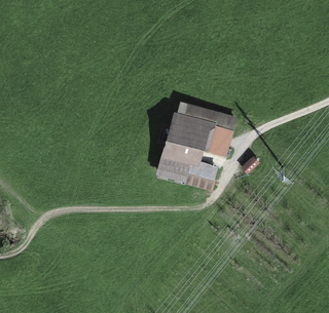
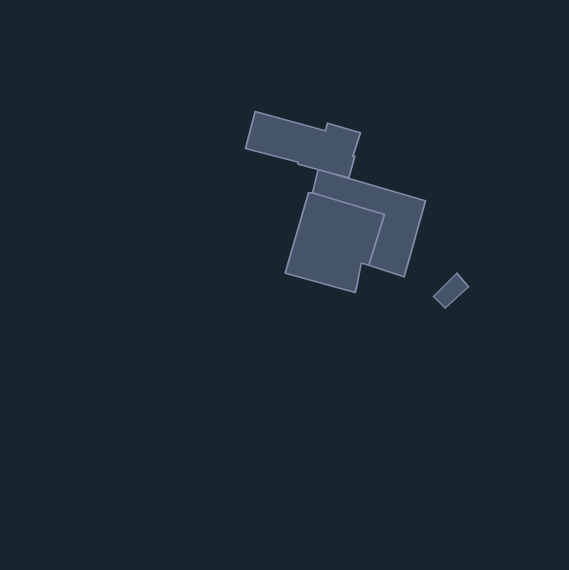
building: [156,155,217,190] -> [245,111,361,178]

